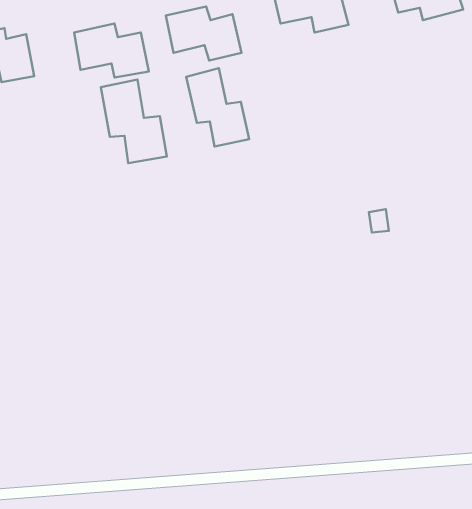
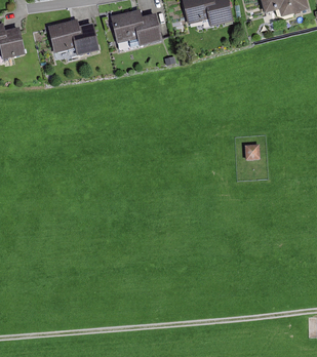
building: [186,68,249,147] -> none
building: [101,79,167,163] -> none

